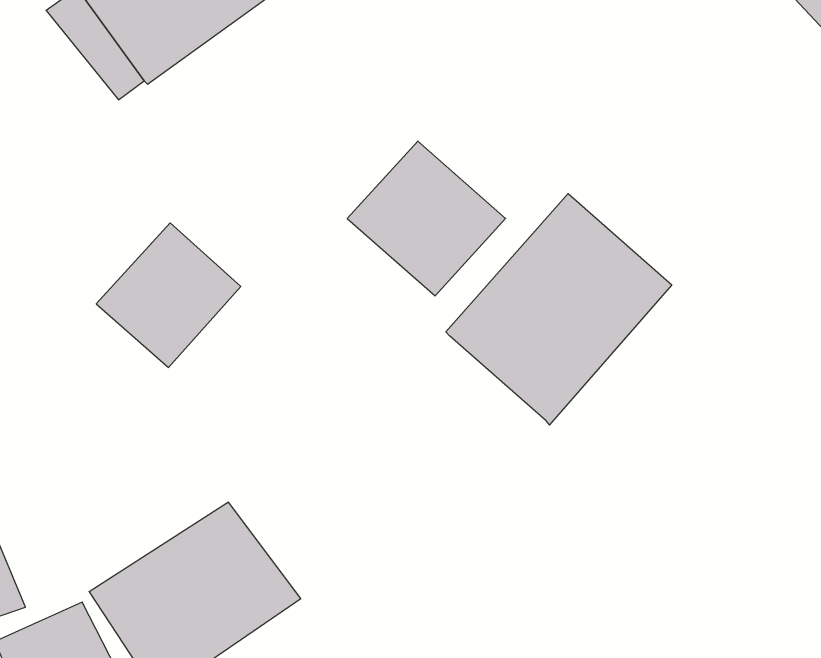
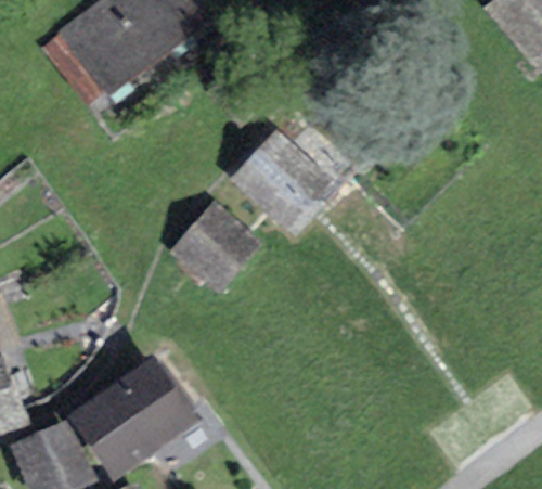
building: [446,194,672,425] -> none
building: [96,223,241,367] -> [169,202,260,293]

